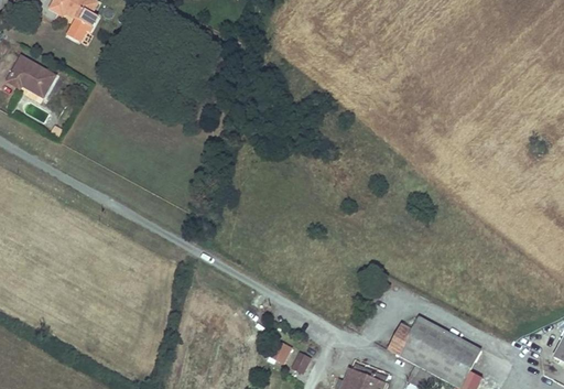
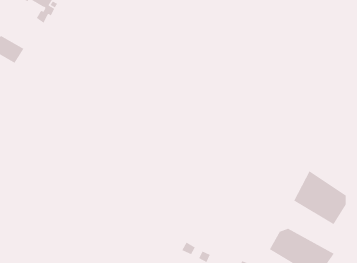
building: none -> [293,170,347,225]

